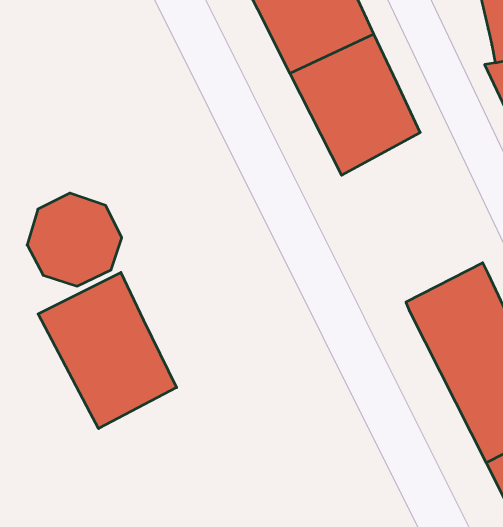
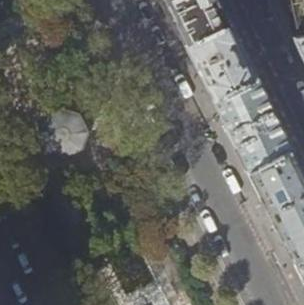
building: none -> [212,80,291,175]
building: [38,272,177,429] -> none

